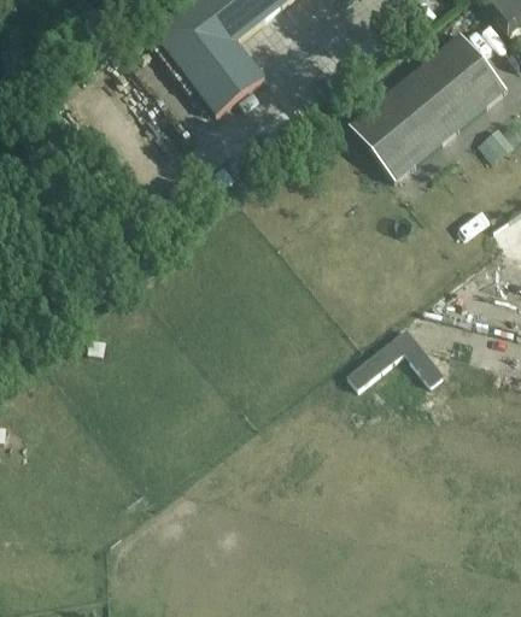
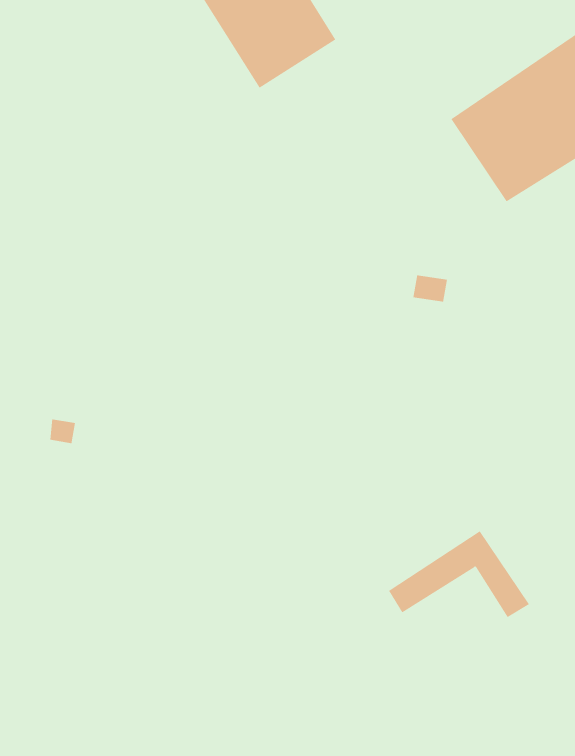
building: [347,328,445,389] -> [388,531,530,618]

